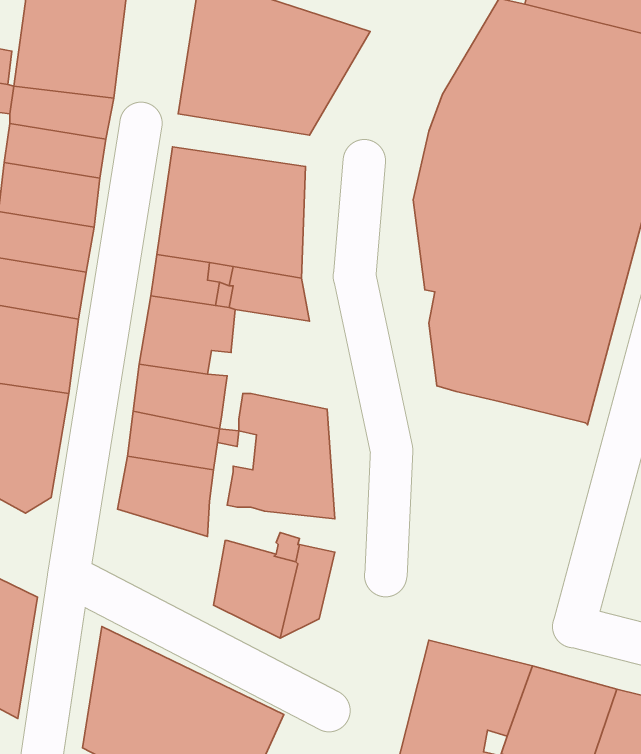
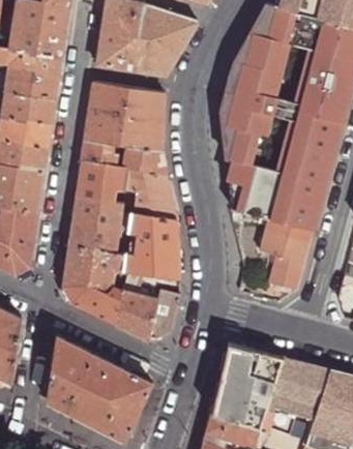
building: none -> [124,169,175,221]
building: none -> [258,217,312,290]
building: none -> [63,274,121,325]

